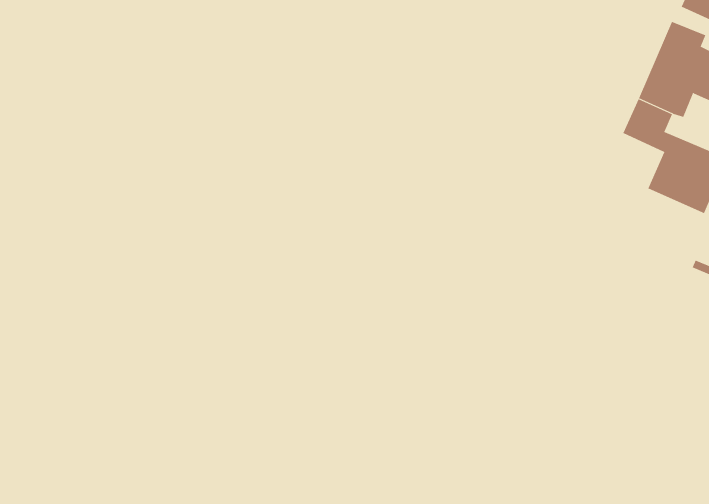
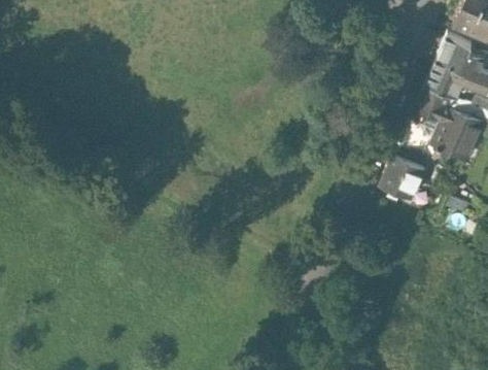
building: none -> [381,159,426,202]

